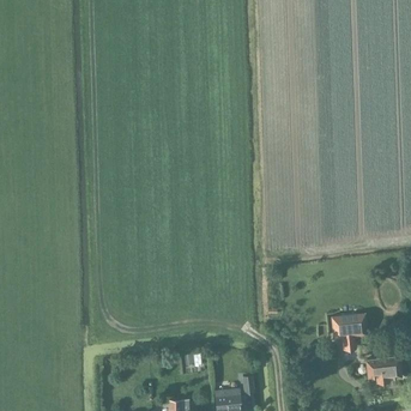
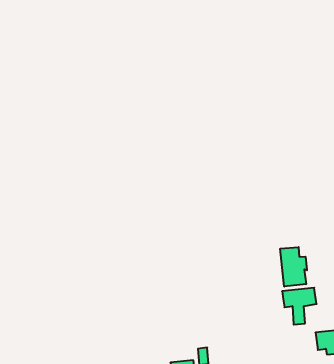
building: none -> [280,247,307,287]

